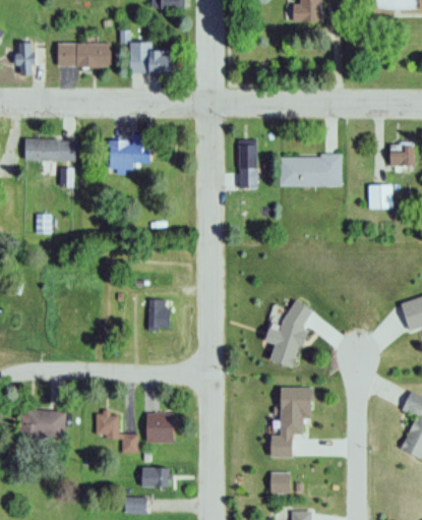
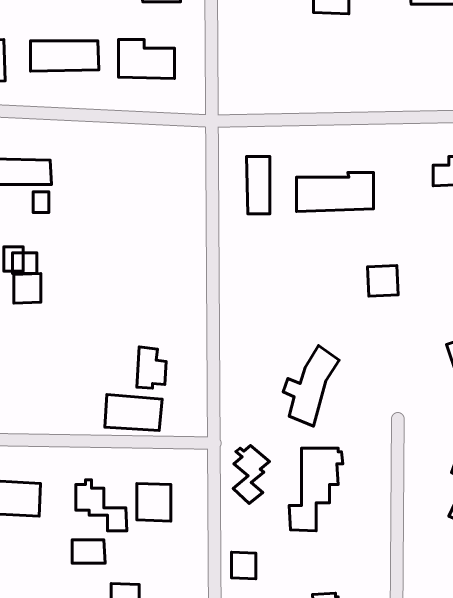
building: [108,136,150,178] -> none
building: [370,181,396,207] -> [368,266,398,296]
building: none -> [14,273,41,303]
building: none -> [105,394,162,431]
building: none -> [233,446,269,504]
building: [141,466,169,485] -> [72,540,105,563]
building: [273,468,293,490] -> [231,552,256,579]

